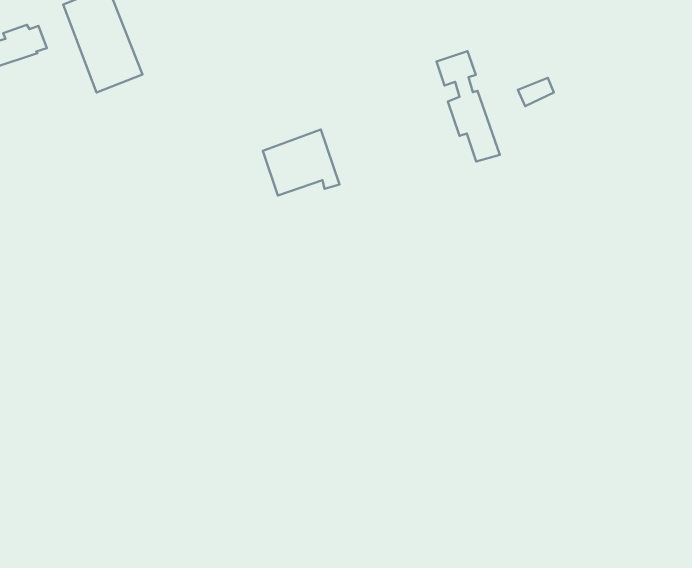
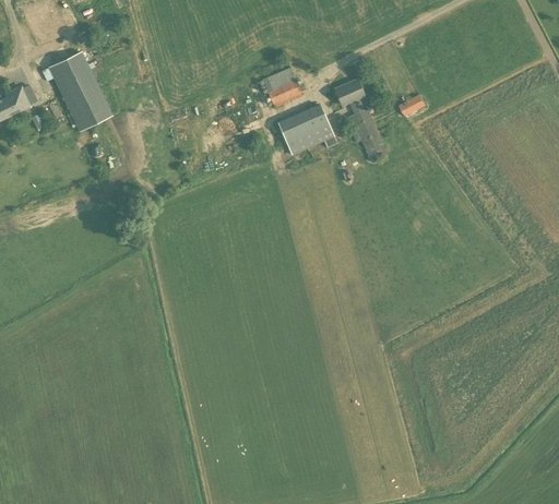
building: none -> [262,67,301,106]
building: [263,129,339,195] -> [277,103,337,155]

